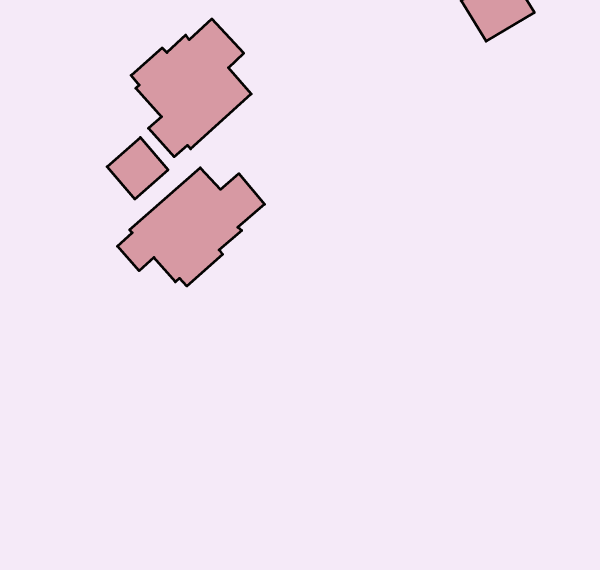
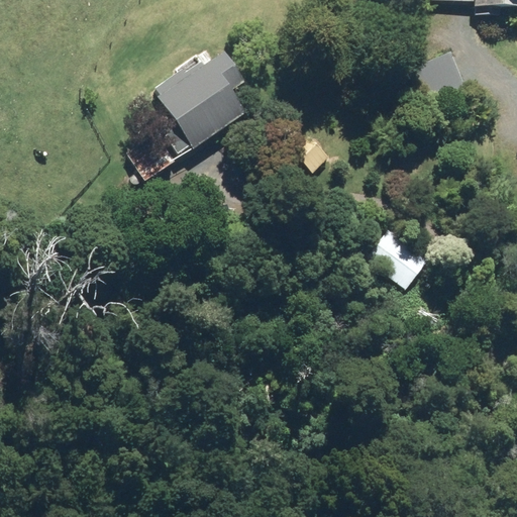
building: [117,168,265,286] -> none
building: none -> [370,227,427,283]

